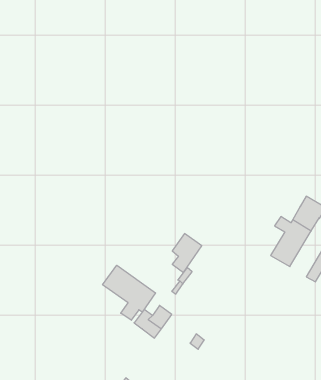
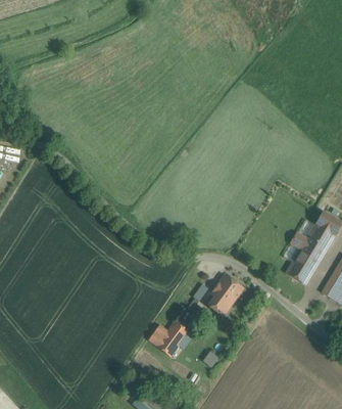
building: [172,234,202,272] -> [212,275,242,314]
building: [103,265,156,320] -> none

